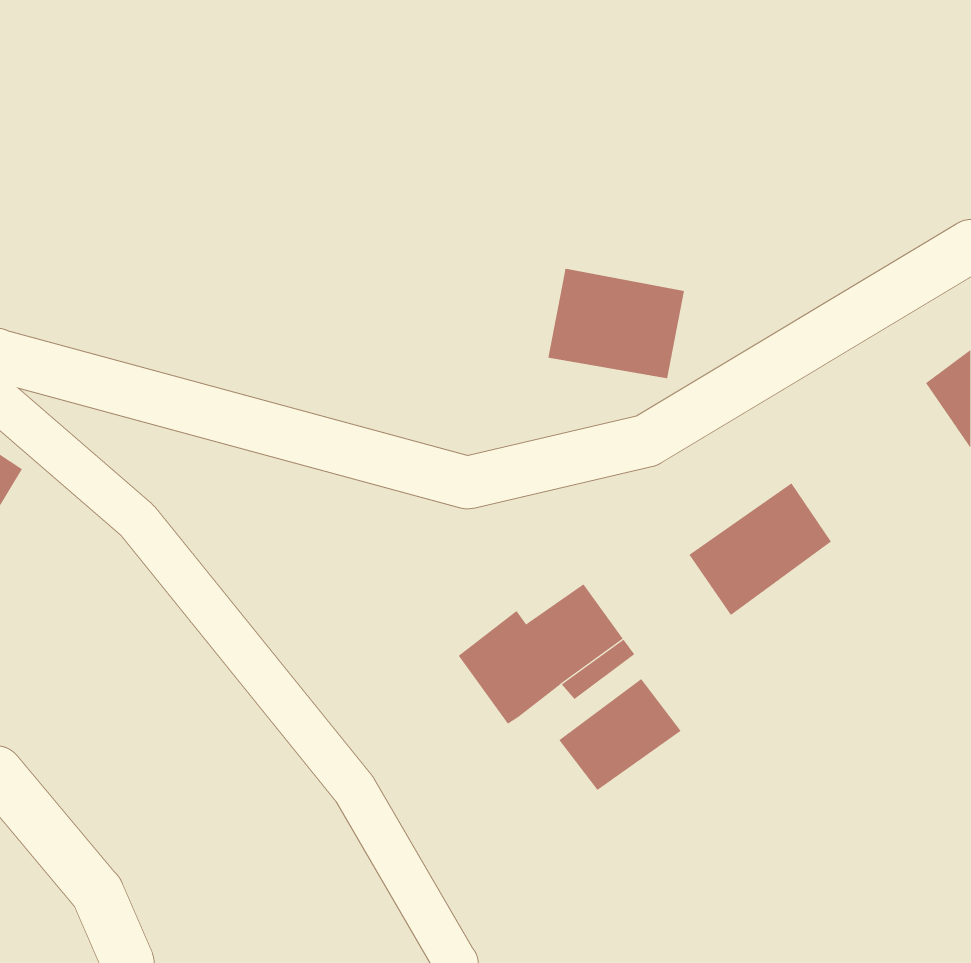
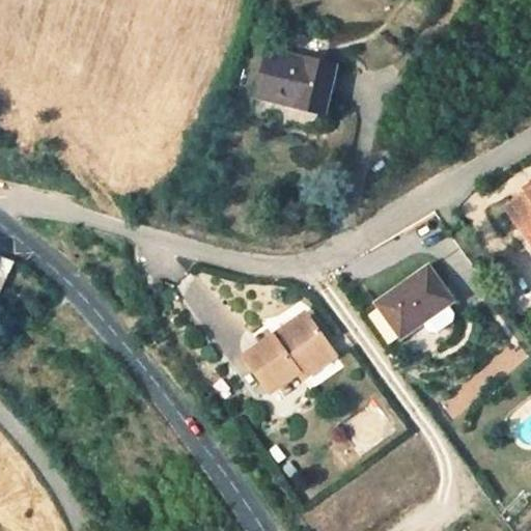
building: [548,268,685,379] -> [253,52,328,112]
building: [558,678,682,791] -> none

